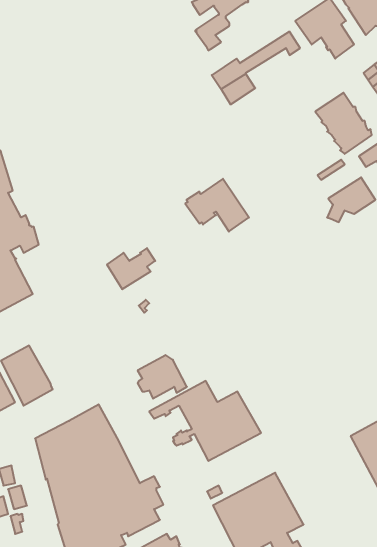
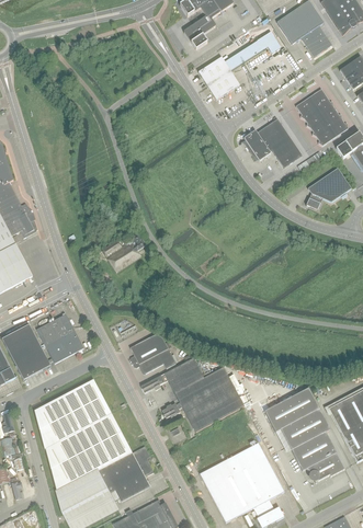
building: [185,179,249,232] -> [242,118,302,168]
building: none -> [36,313,83,363]
building: none -> [264,388,344,481]

